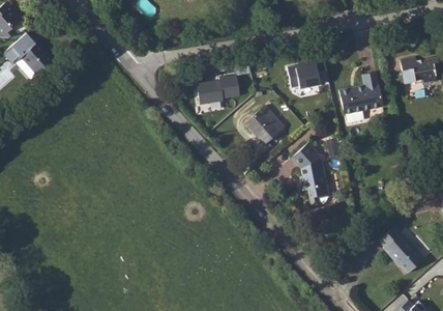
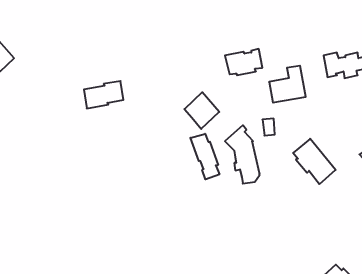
building: [197,72,240,102] -> [84,81,123,108]
building: none -> [190,134,219,179]
building: [377,226,423,276] -> [293,139,336,184]

